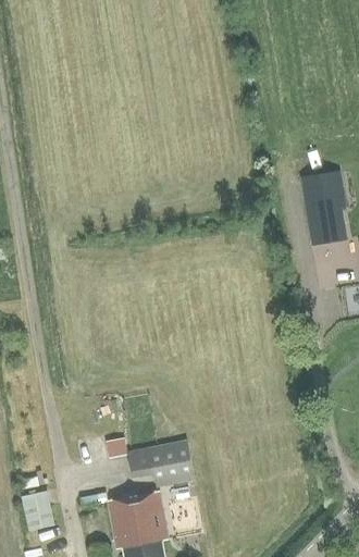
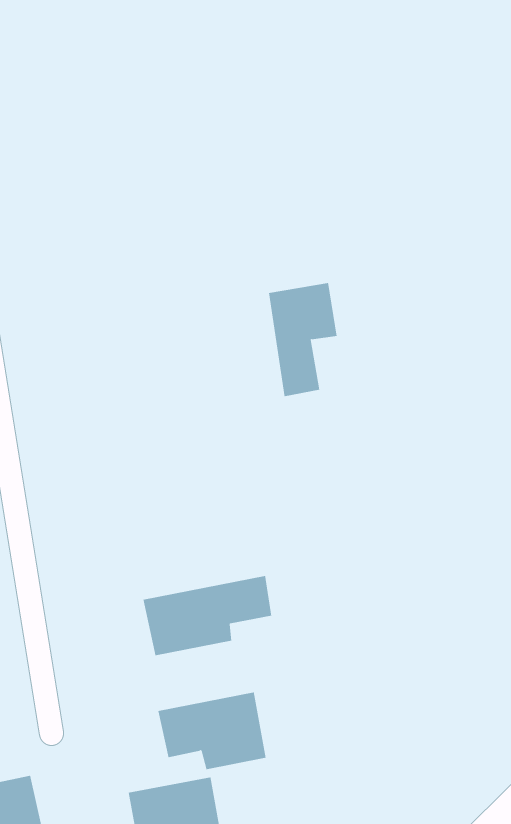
building: [300,171,344,243] -> [268,282,337,397]
building: none -> [143,575,272,656]

